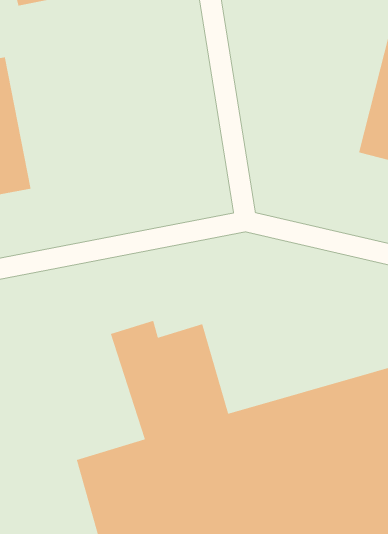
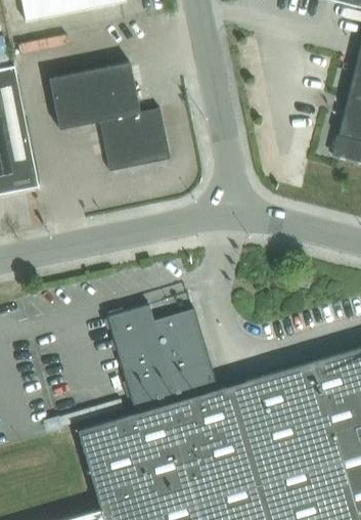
building: none -> [49,61,171,171]

